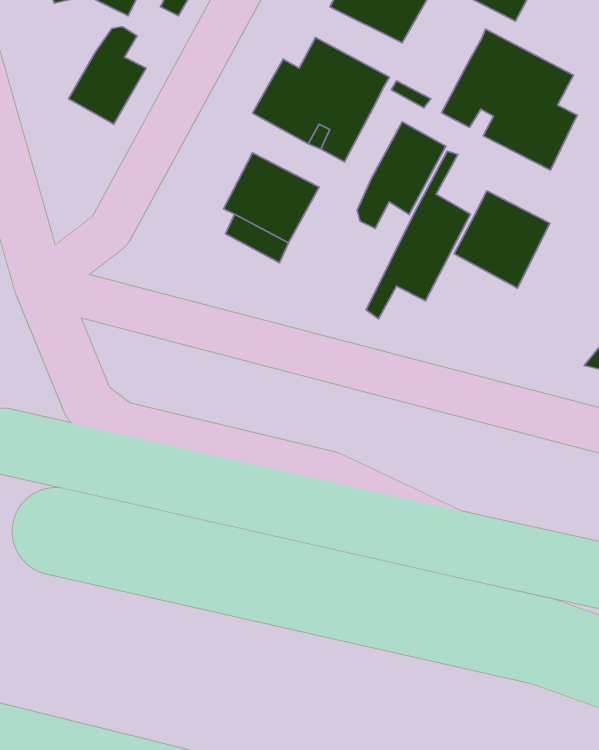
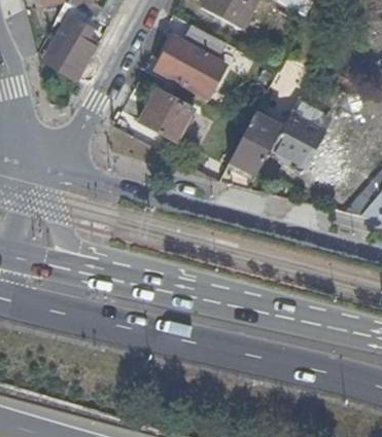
building: [442,29,577,170] -> none
building: [357,122,446,229] -> none

